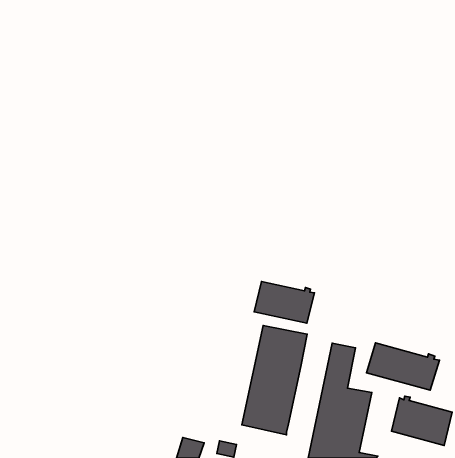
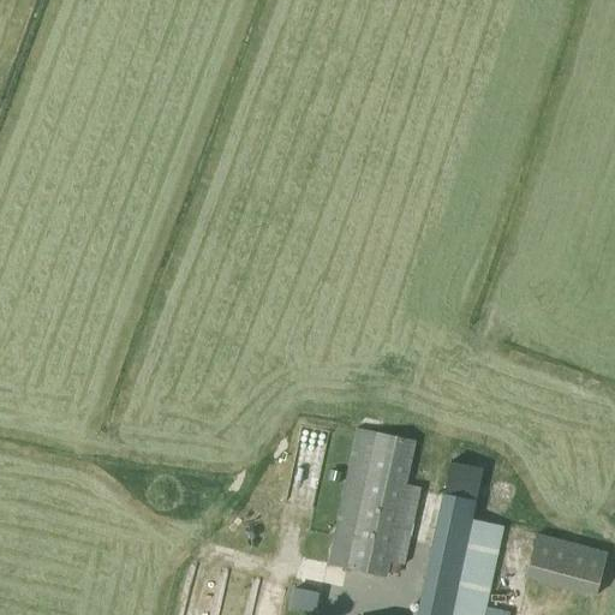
building: [254,281,314,323] -> none
building: [366,343,440,390] -> none

